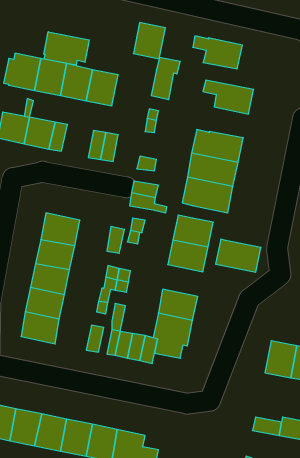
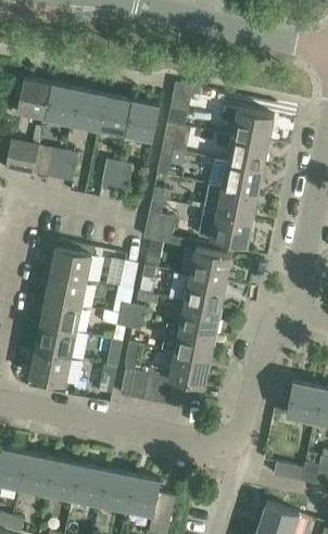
building: [133,23,165,59] -> [125,102,159,140]
building: [44,32,89,65] -> none
building: [193,36,242,69] -> [216,134,268,168]
building: [216,239,261,272] -> [173,301,220,335]

